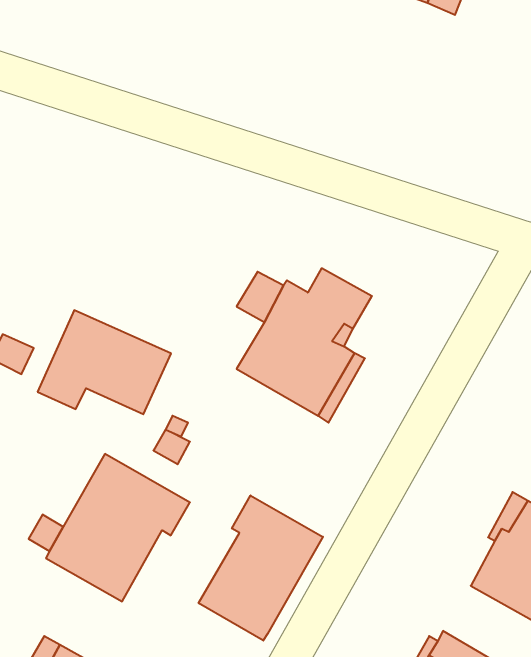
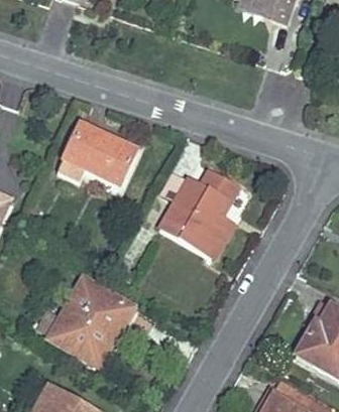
building: [38,310,171,414] -> [58,124,135,184]
building: [199,495,323,641] -> none

